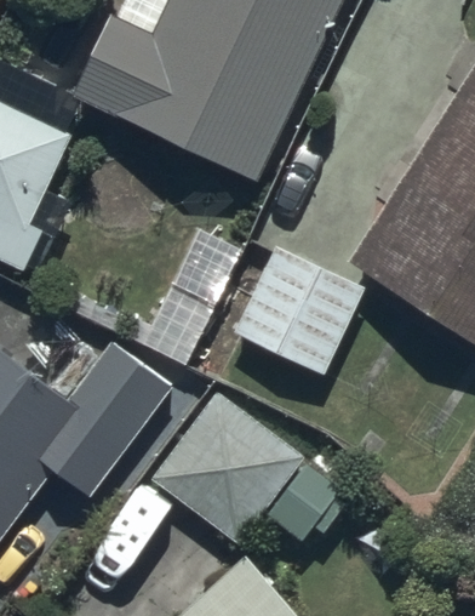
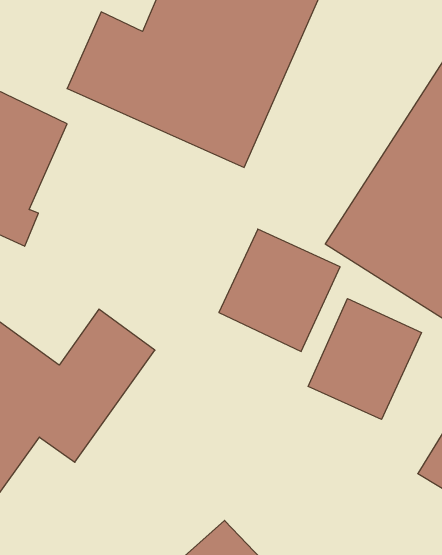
building: none -> [308,299,421,419]
building: [149,388,356,546] -> none

